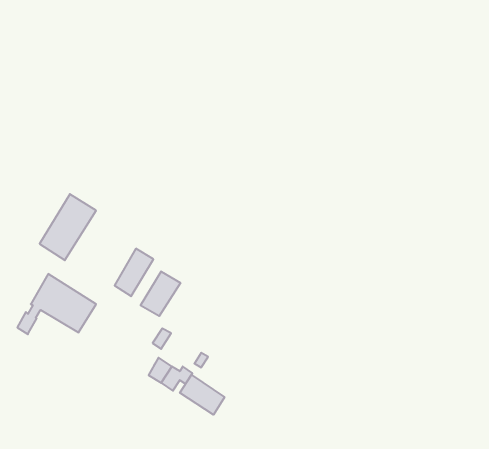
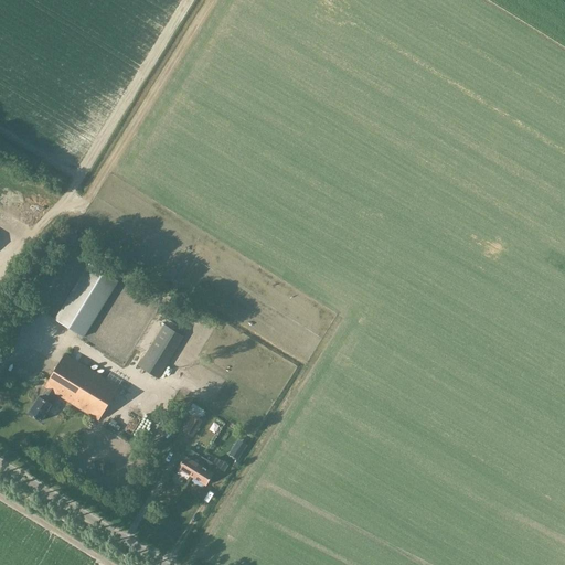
building: [141,271,180,316] -> none
building: [180,375,224,415] -> none

